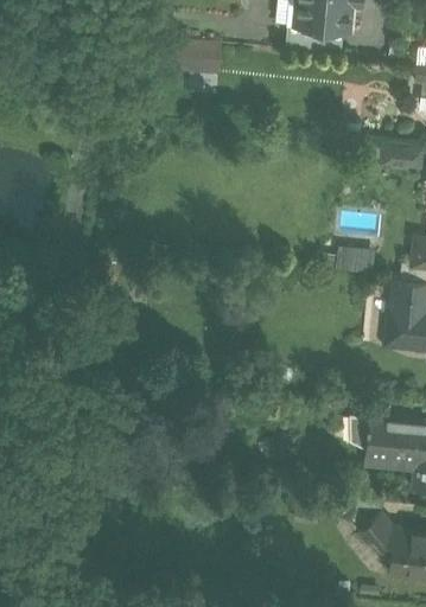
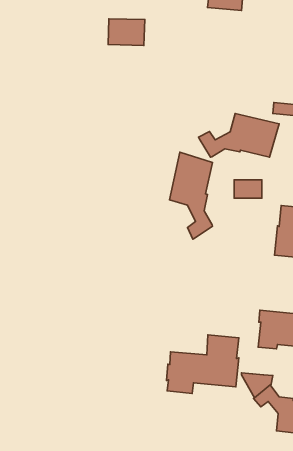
building: none -> [199,113,279,157]
building: none -> [169,152,213,239]
building: none -> [166,335,239,394]

